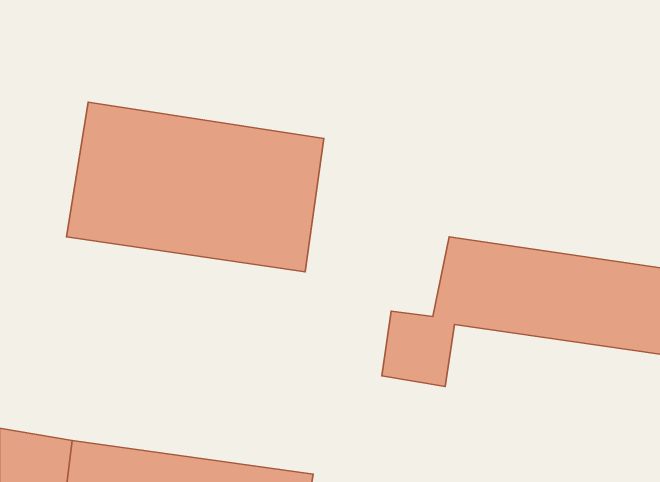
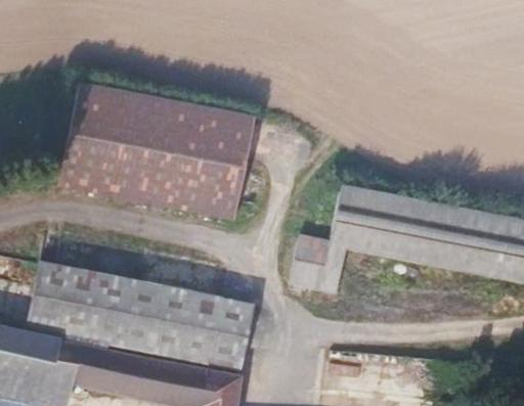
building: none -> [24,267,243,360]

